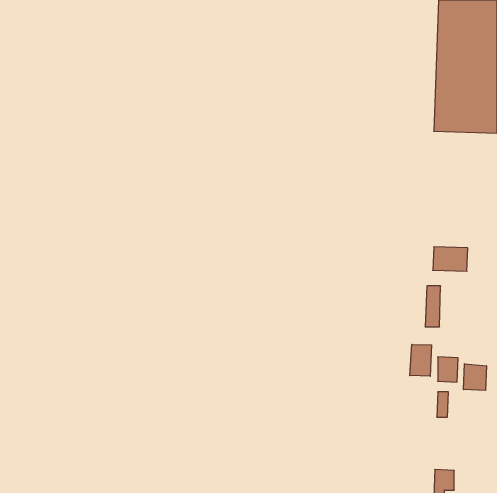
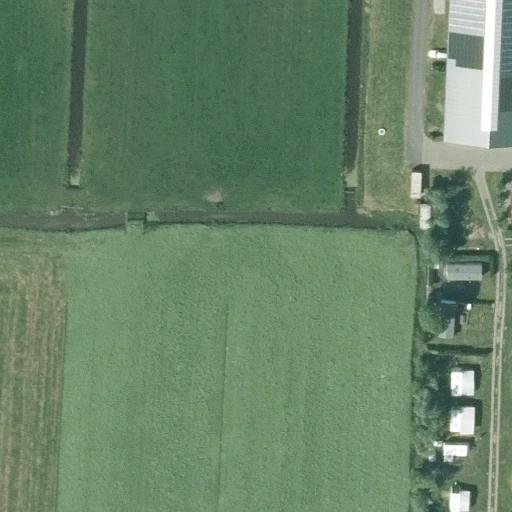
building: [410,344,431,376] -> none
building: [464,364,486,390] -> none

